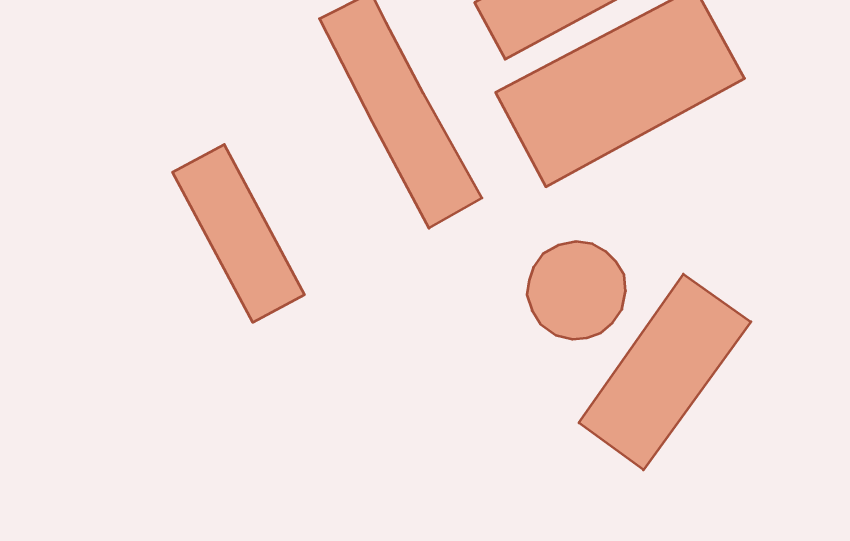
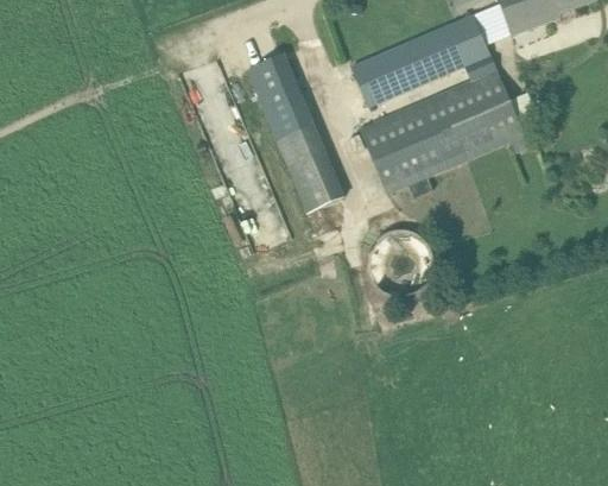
building: [173,144,304,322] -> none
building: [579,274,751,470] -> none

